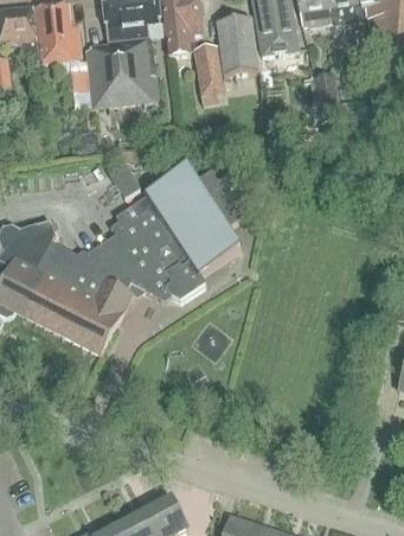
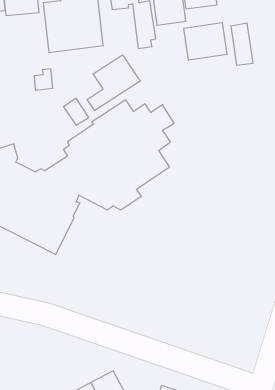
building: none -> [184,23,227,60]
building: none -> [87,55,140,111]

